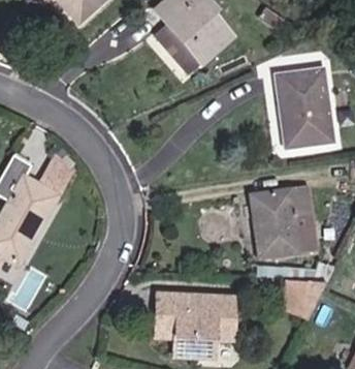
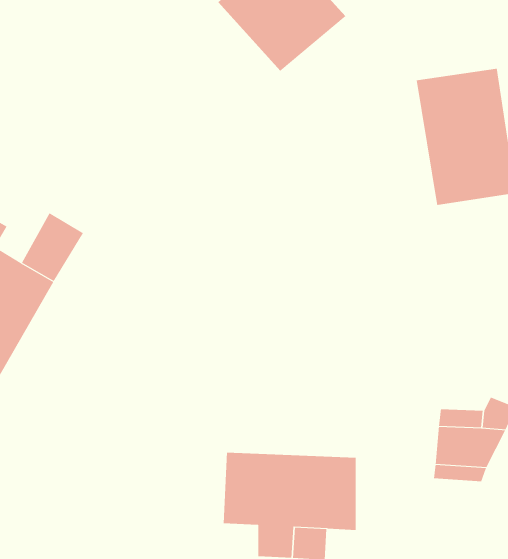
building: [253,186,313,256] -> none

